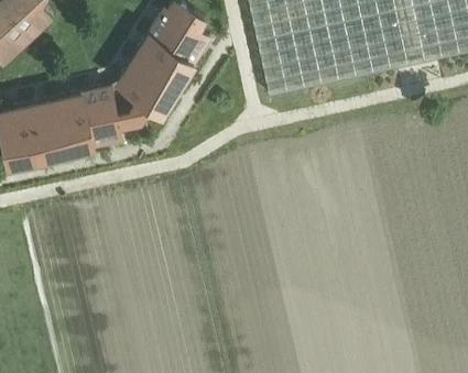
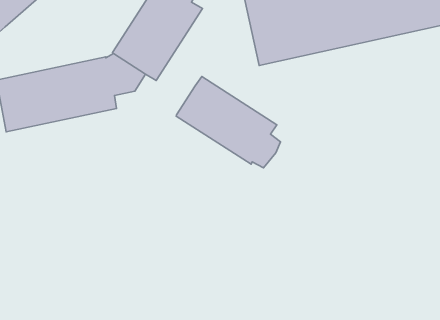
building: none -> [176,77,280,168]

